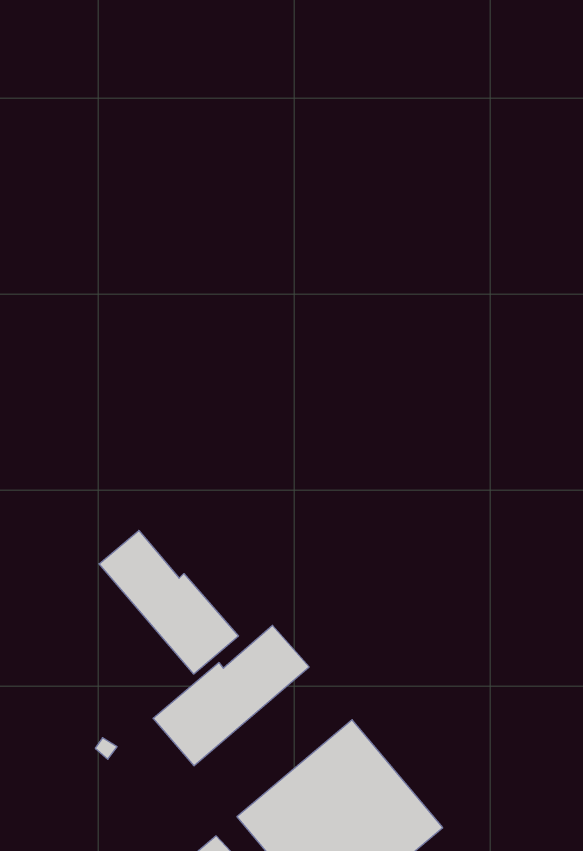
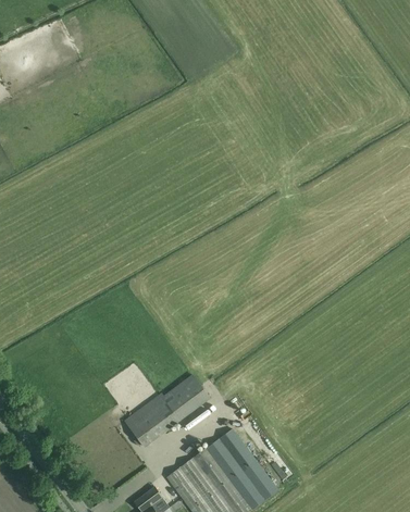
building: [99,530,238,674] -> none

